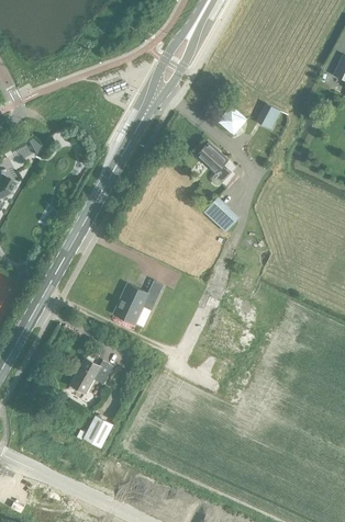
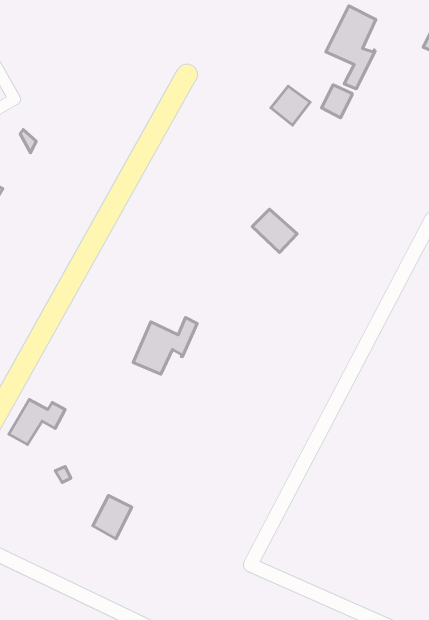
building: none -> [326,6,376,89]
building: [197,143,231,184] -> none
building: [70,359,113,393] -> [9,399,65,444]

